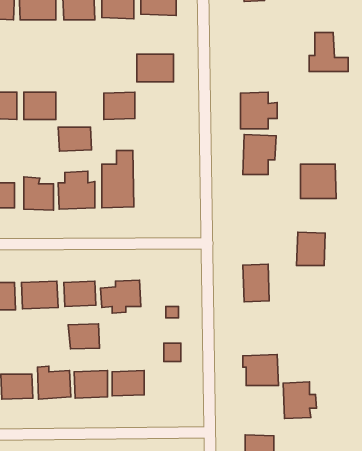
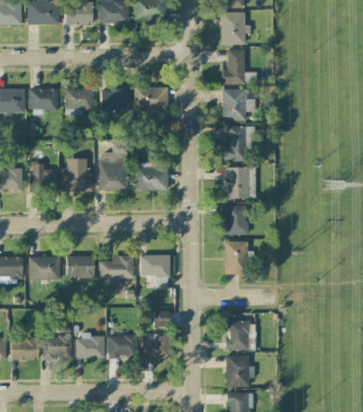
building: none -> [222,12,250,45]
building: [309,32,348,71] -> [223,50,257,84]
building: [137,54,174,82] -> [135,87,168,112]
building: [58,127,91,151] -> [65,88,95,110]
building: [301,164,336,198] -> [225,167,256,198]
building: none -> [135,161,169,191]
building: [297,232,325,265] -> [224,205,249,234]
building: none -> [141,255,170,277]
building: [68,324,99,349] -> none
building: none -> [143,334,171,358]
building: [283,382,317,419] -> [226,355,255,388]

